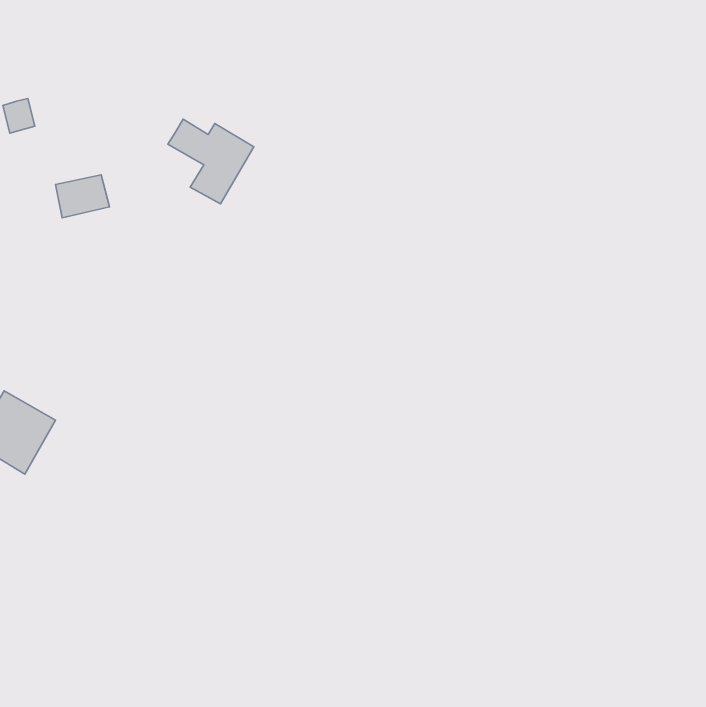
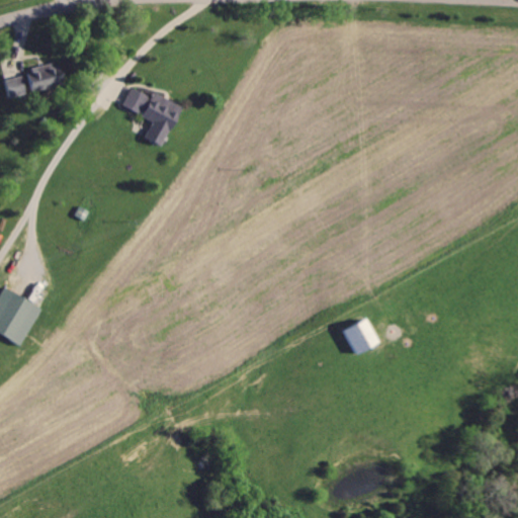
building: [55,175,109,218] -> [23,62,63,93]
building: none -> [340,317,379,356]

